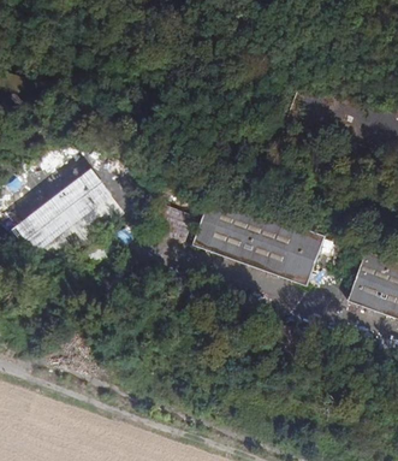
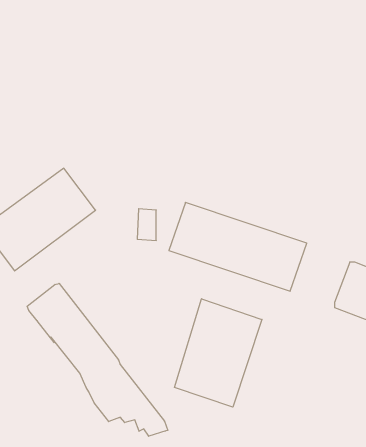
building: none -> [27,283,168,436]
building: none -> [174,299,262,407]

